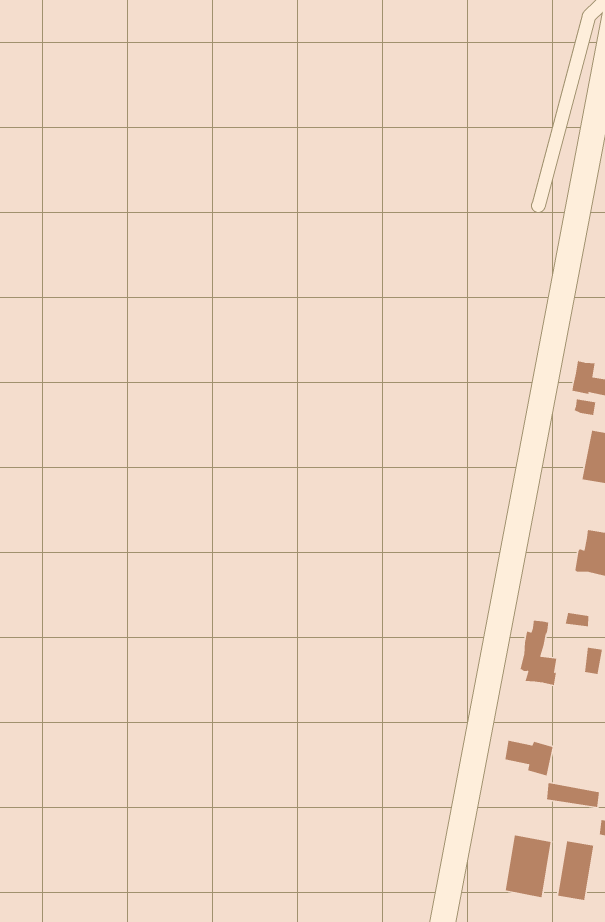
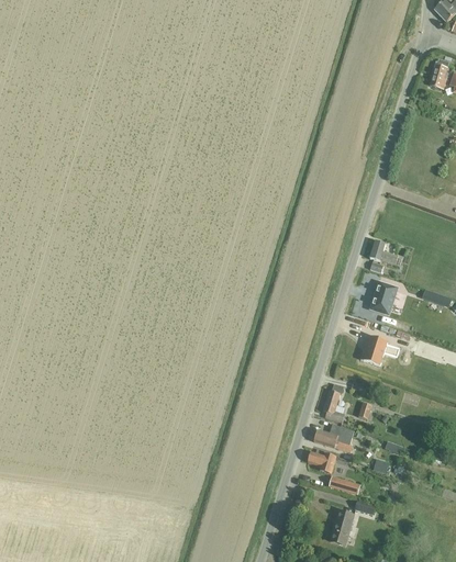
building: none -> [314,423,354,451]
building: [505,834,552,898] -> none

